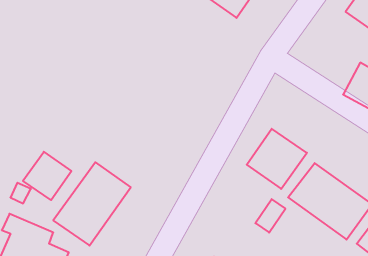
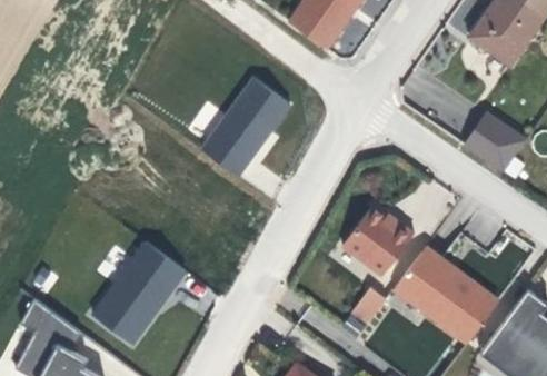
building: none -> [199,76,297,179]
building: [23,152,71,200] -> none

